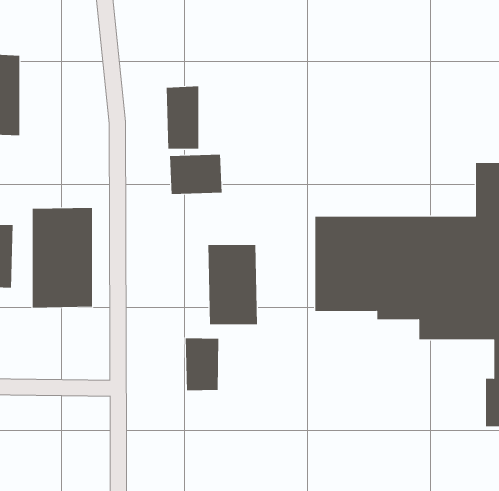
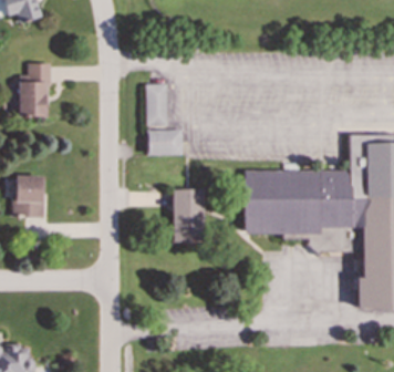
building: [32,207,93,309] -> none
building: [185,338,219,391] -> none

